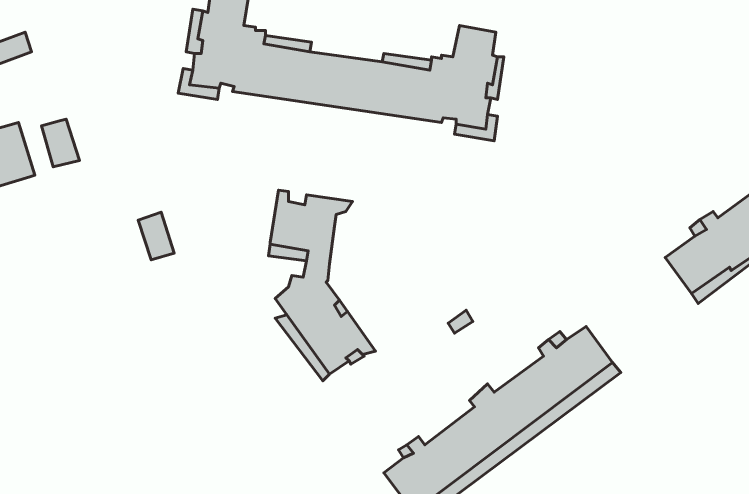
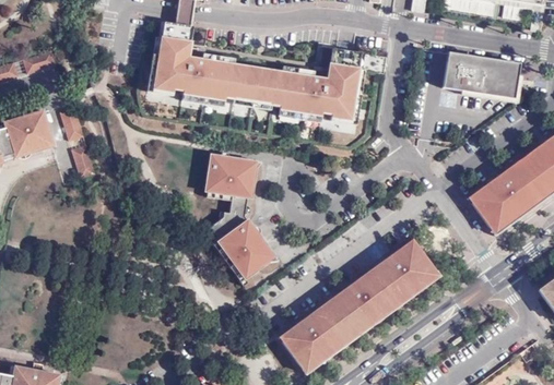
building: none -> [441,51,518,97]
building: [138,212,174,260] -> [68,143,92,175]

